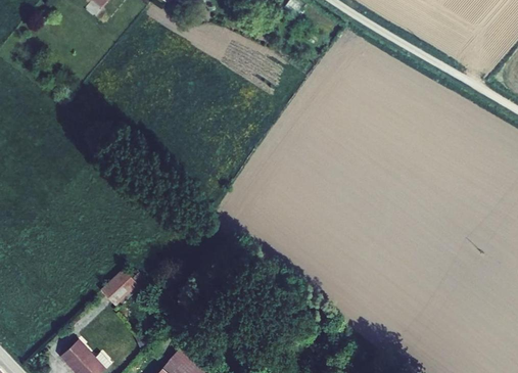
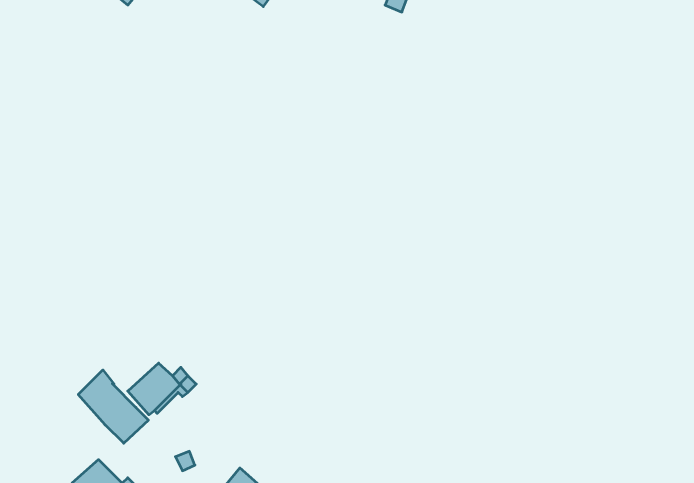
building: none -> [78,370,148,443]

